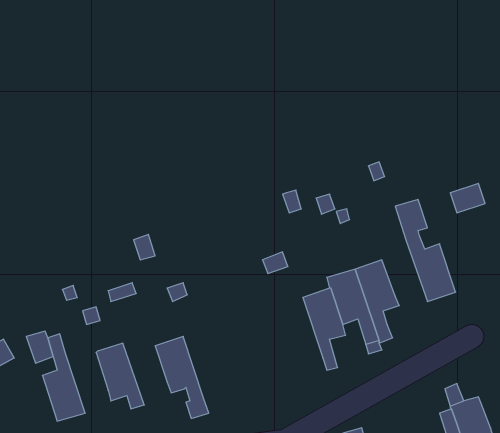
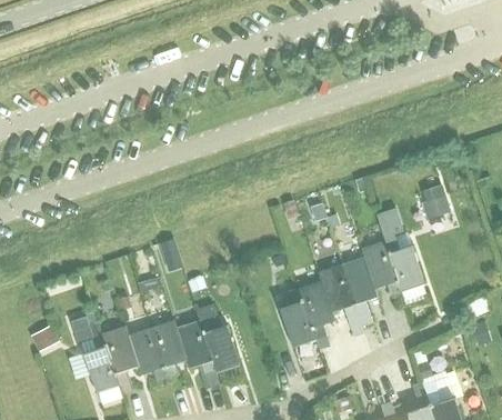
building: none -> [361,241,402,296]
building: none -> [280,289,315,347]
building: none -> [195,304,240,372]
building: none -> [150,319,187,378]
building: none -> [102,327,138,392]

